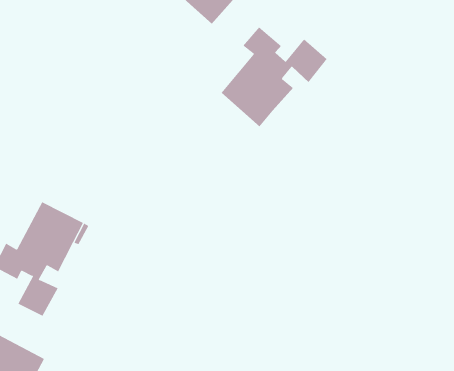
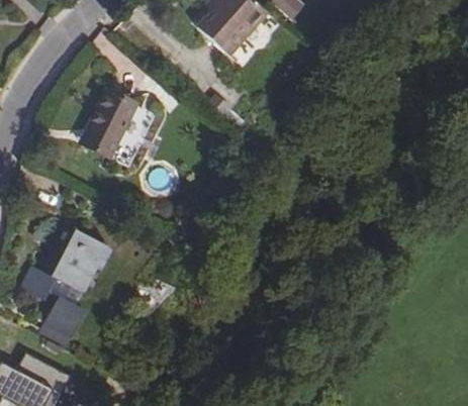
building: [221,26,327,127] -> none
building: none -> [80,89,136,157]

